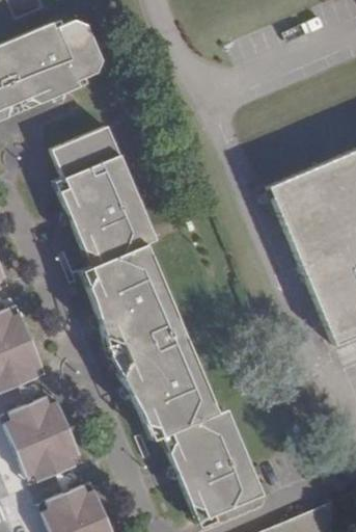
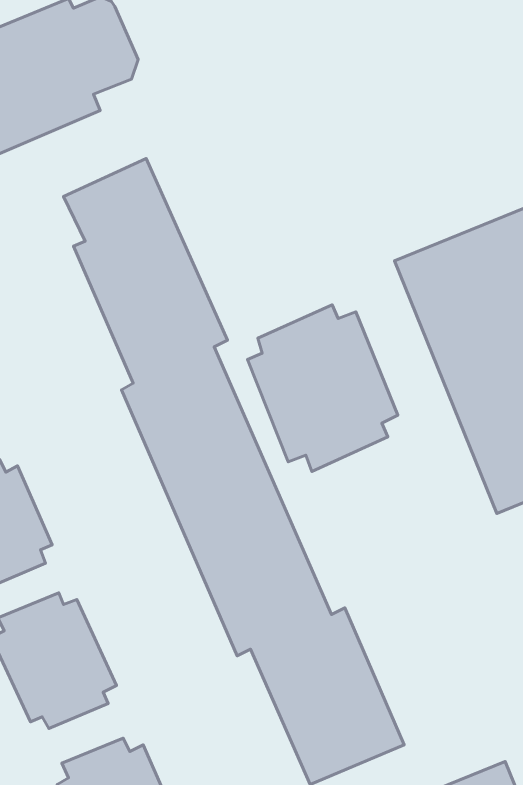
building: none -> [248,305,398,472]

